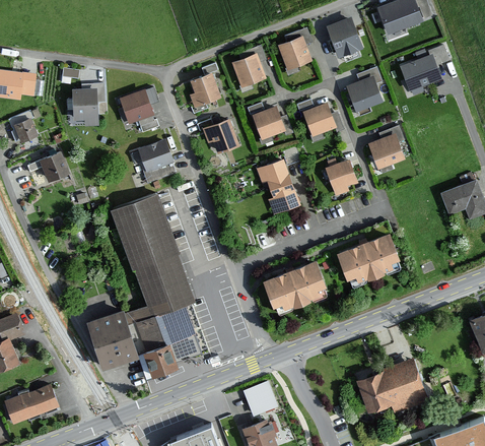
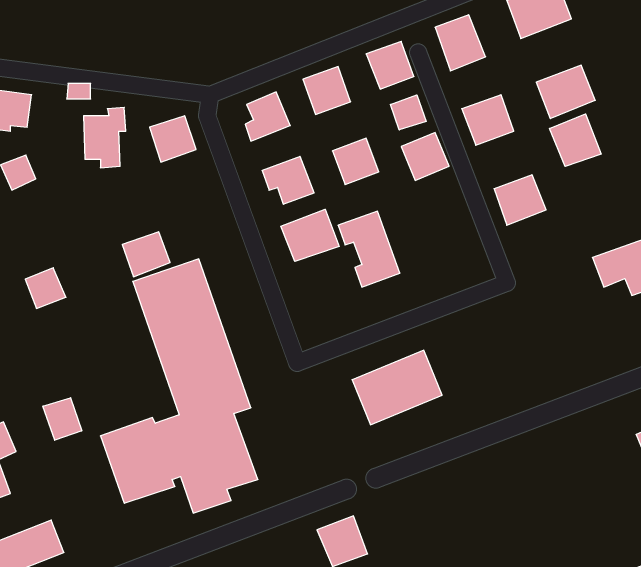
building: none -> [390,95,426,130]
building: none -> [550,114,601,166]
building: [137,140,171,173] -> [122,232,170,277]
building: [39,153,68,183] -> [25,268,66,308]
building: none -> [281,209,339,261]
building: [326,160,358,196] -> none
building: [339,234,405,285] -> none
building: none -> [43,398,82,440]
building: [356,358,429,412] -> none

